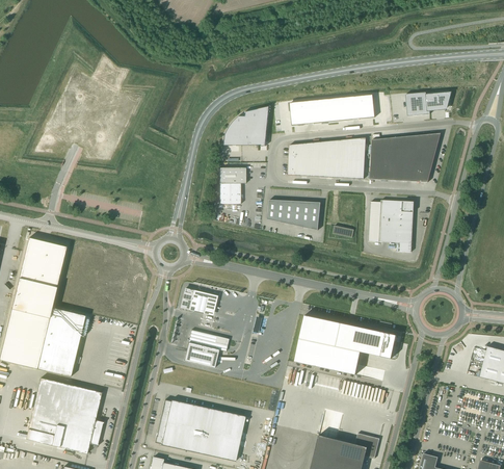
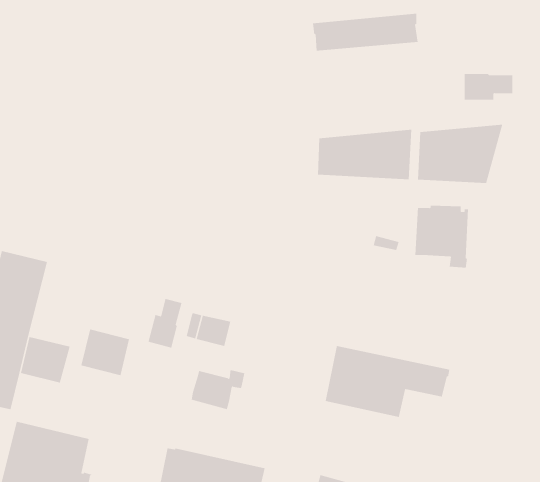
building: [288,94,375,125] -> [312,13,418,51]
building: [222,106,269,146] -> none
building: [219,167,245,204] -> none
building: [267,200,320,230] -> none
building: none -> [148,298,182,348]
building: [36,338,77,376] -> [81,329,130,376]

